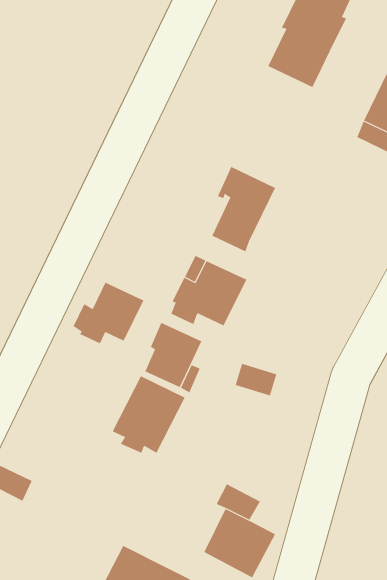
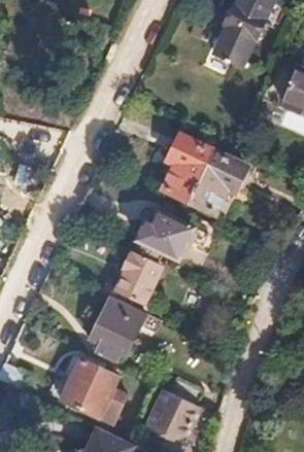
building: none -> [193,153,247,207]
building: [73,282,144,344] -> none
building: none -> [55,351,122,416]

